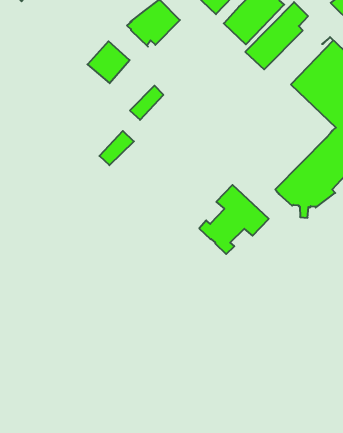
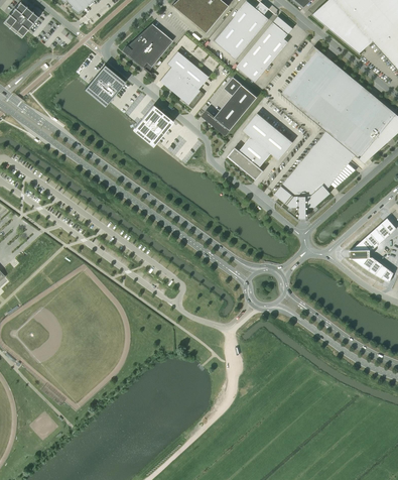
building: none -> [159,51,209,109]
building: none -> [206,77,257,136]
building: [99,131,134,165] -> [142,113,173,146]
building: [199,185,269,254] -> [229,113,293,178]

